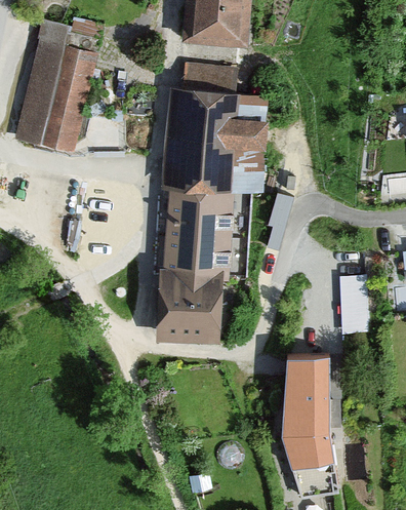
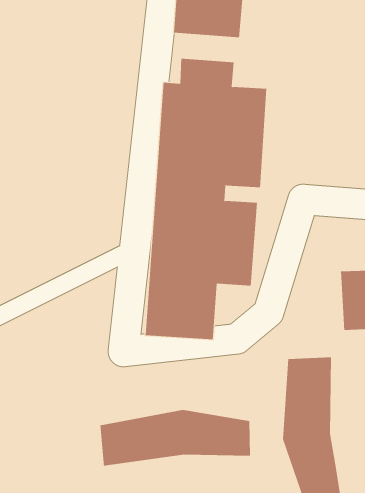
building: [16,21,100,157] -> none
building: none -> [100,409,251,466]

